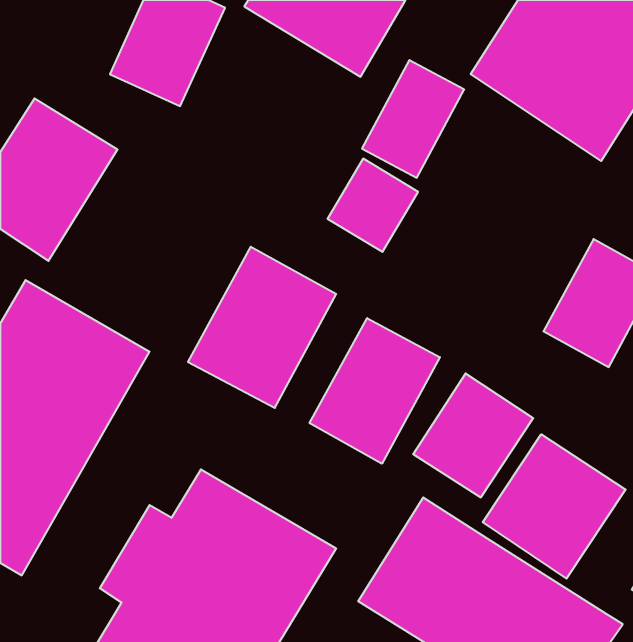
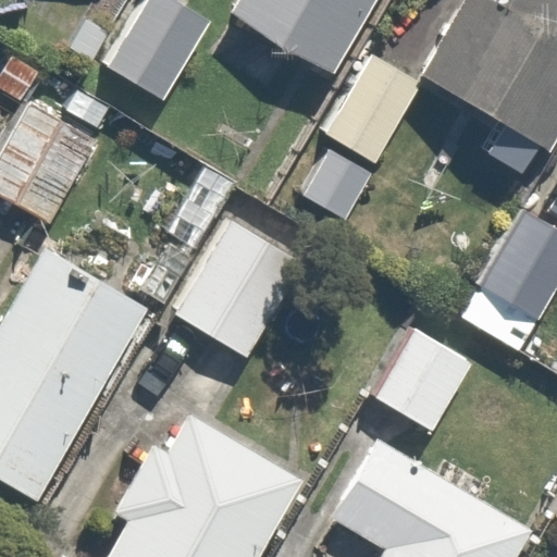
building: [310,318,440,464] -> none
building: [483,434,626,579] -> none

